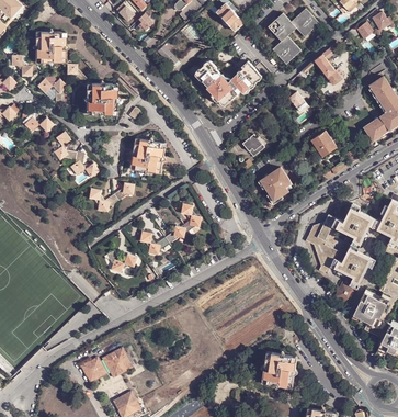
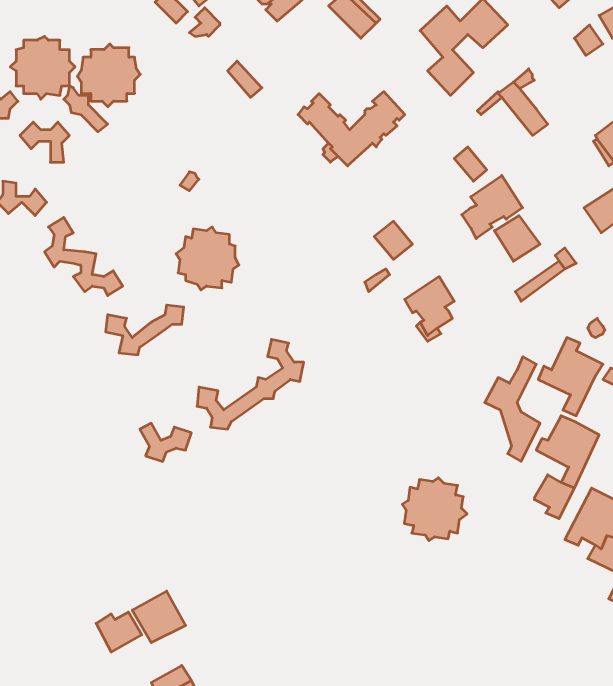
building: [84,80,121,116] -> [77,44,140,107]
building: none -> [462,175,523,239]
building: [262,350,299,386] -> [402,478,467,541]

